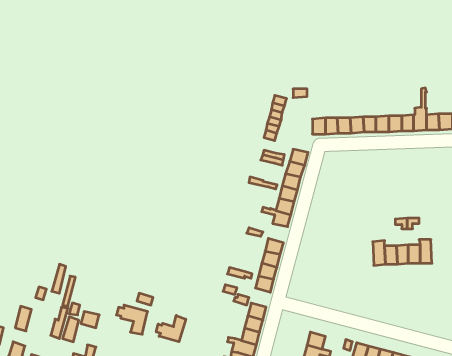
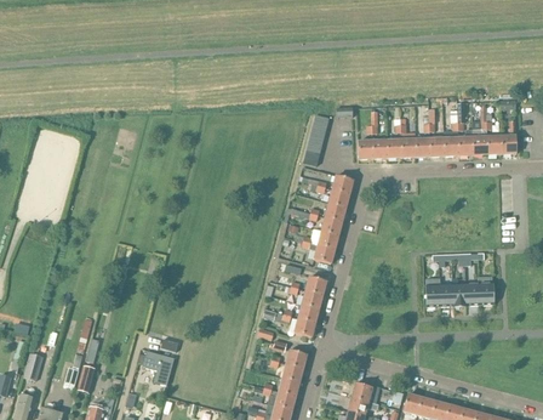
building: [156,315,186,342] -> none

